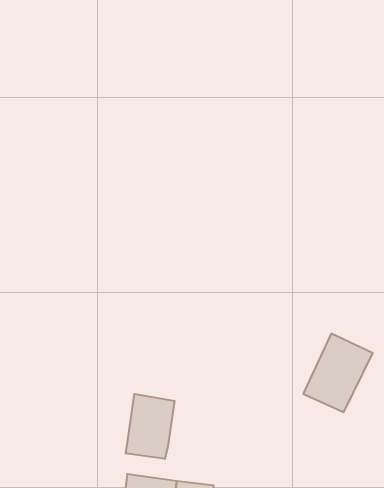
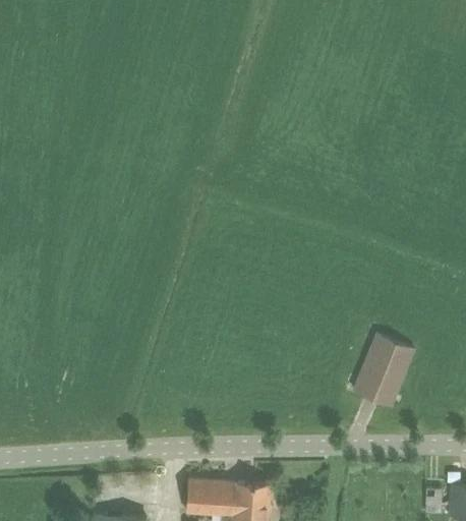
building: [126,394,174,459] -> none

